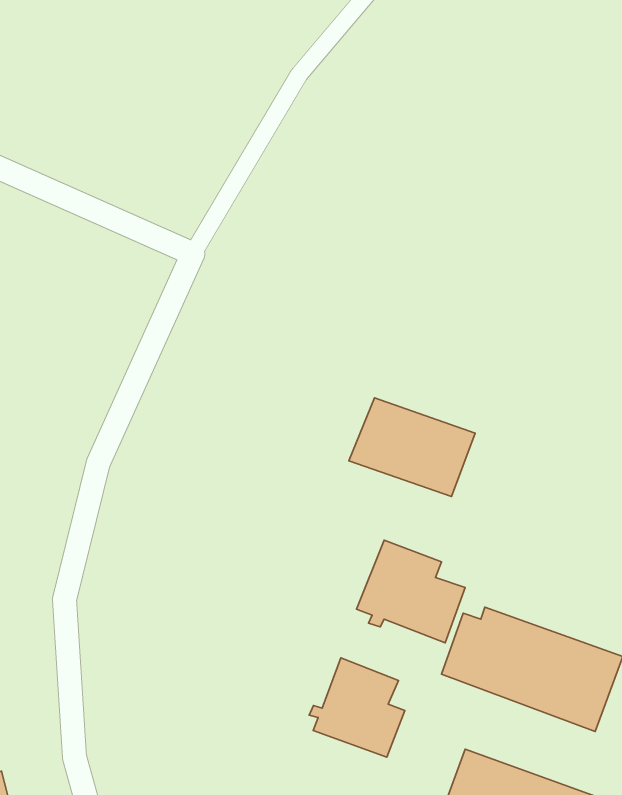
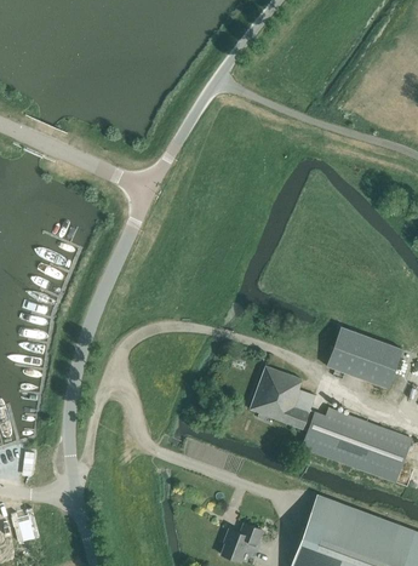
building: [349,398,475,496] -> [326,331,403,391]
building: [309,658,405,757] -> none

